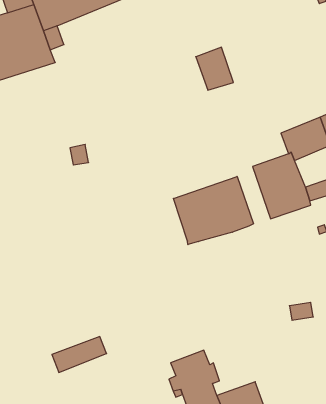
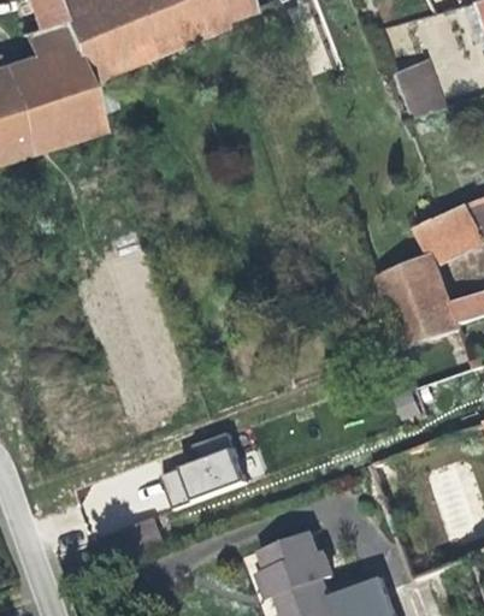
building: [196,47,233,90] -> [389,58,442,118]
building: [173,176,254,245] -> none
building: none -> [160,431,244,503]

